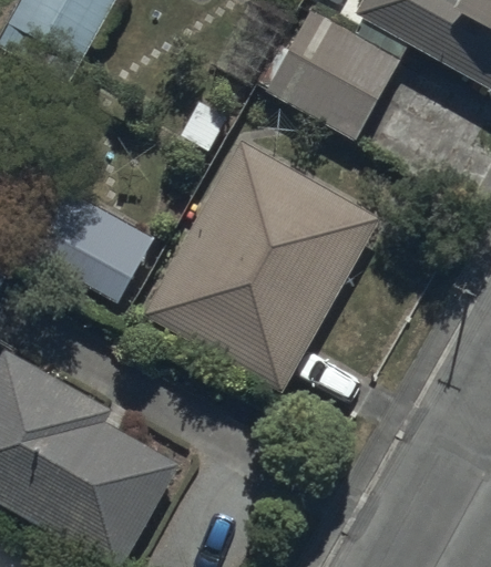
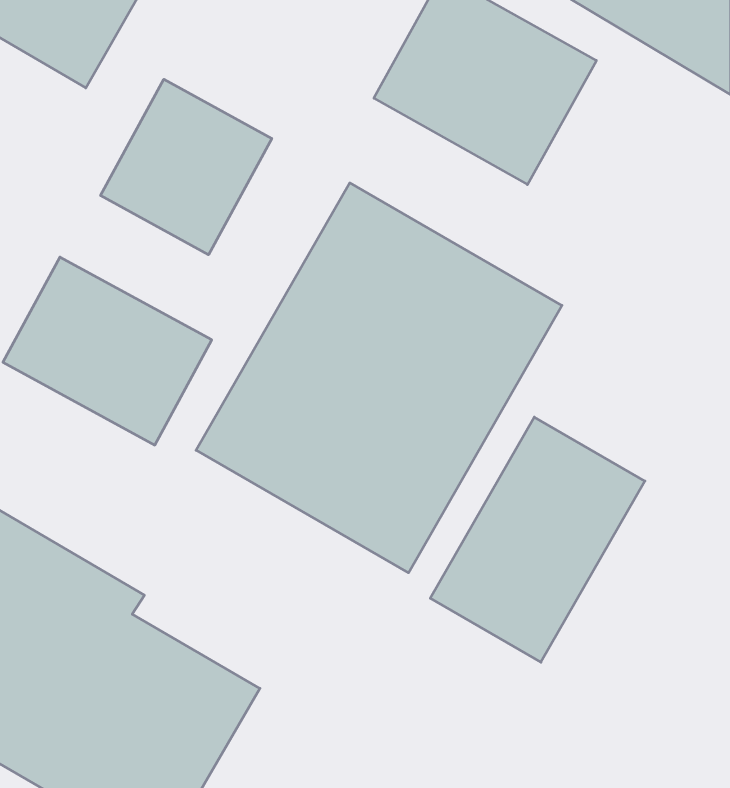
building: none -> [101,79,272,255]
building: none -> [430,417,645,662]

